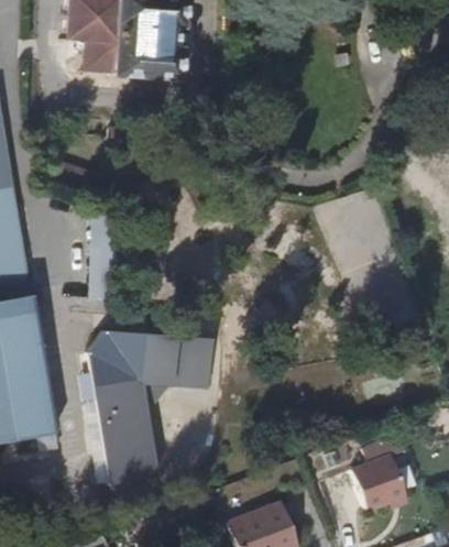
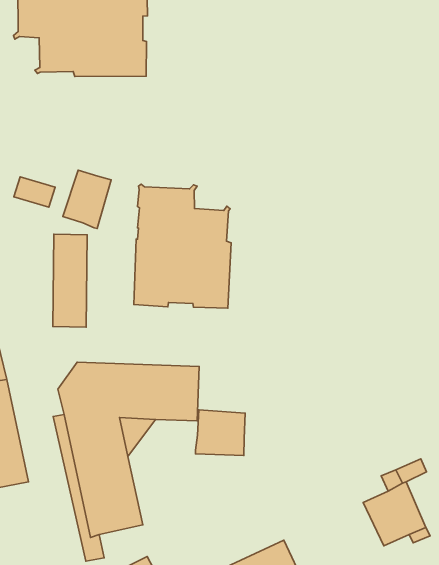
building: none -> [63,170,111,229]
building: none -> [134,184,231,308]
building: none -> [195,410,245,455]

